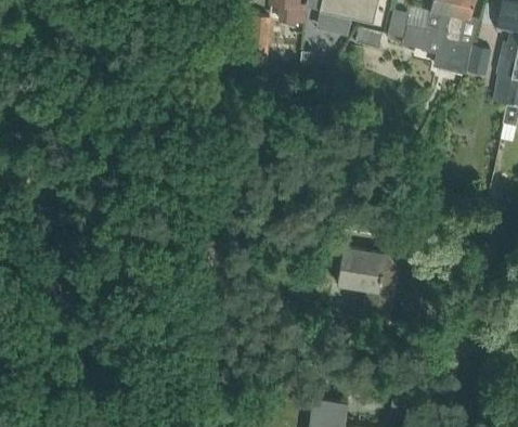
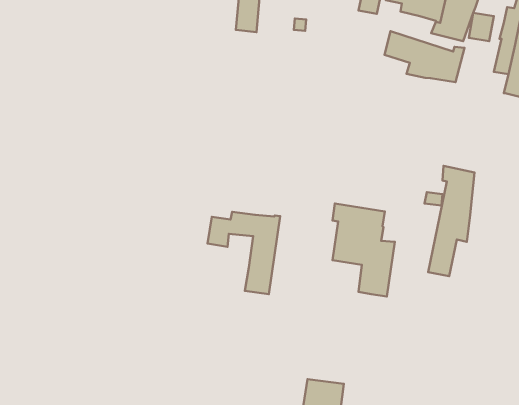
building: none -> [385,31,465,82]
building: none -> [428,166,475,276]
building: none -> [208,212,280,294]

